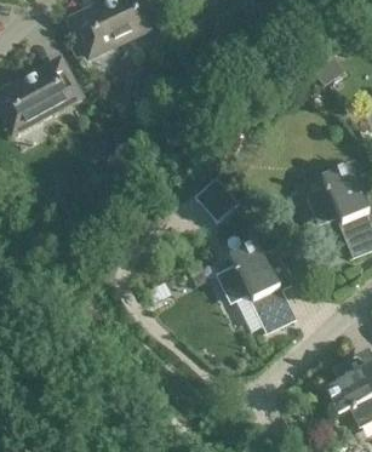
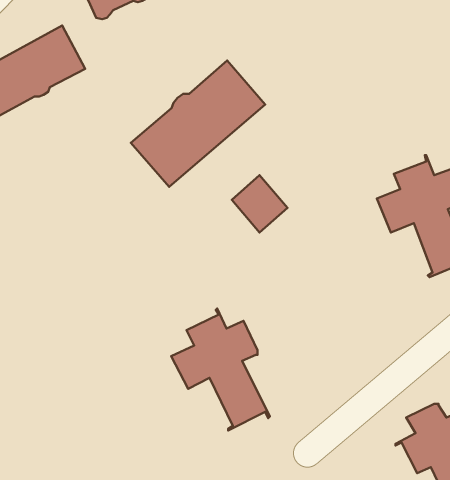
building: none -> [131,60,265,187]
building: [218,240,296,336] -> [171,308,270,430]

